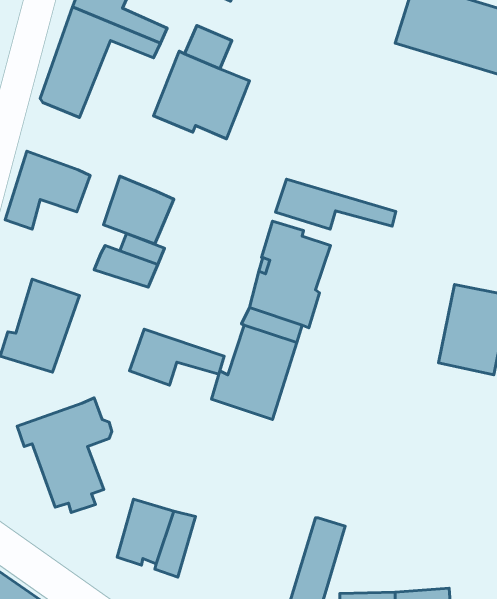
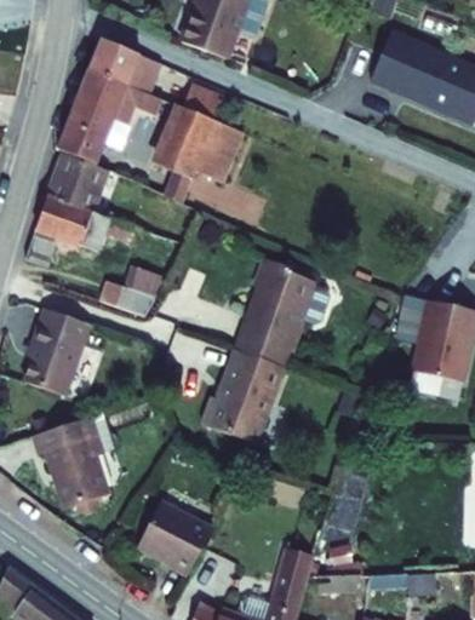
building: [103,176,174,244] -> [41,149,104,209]
building: [275,179,396,229] -> none
building: [129,329,224,385] -> none

